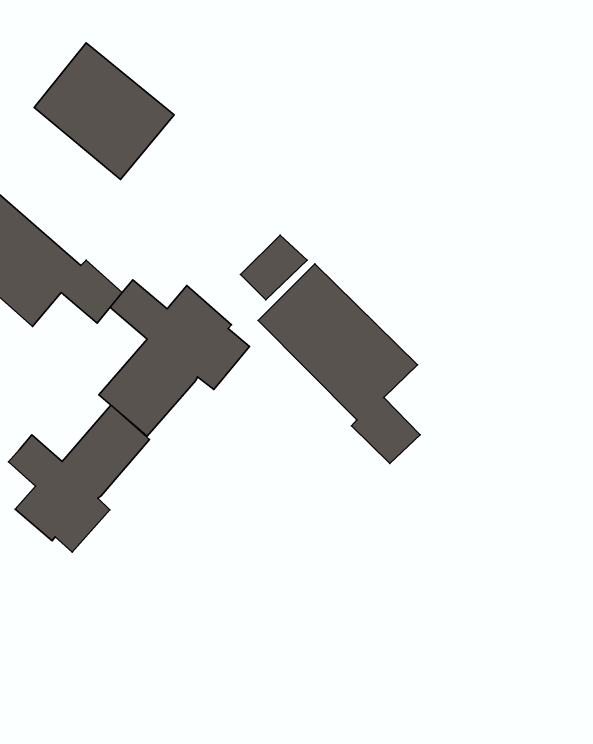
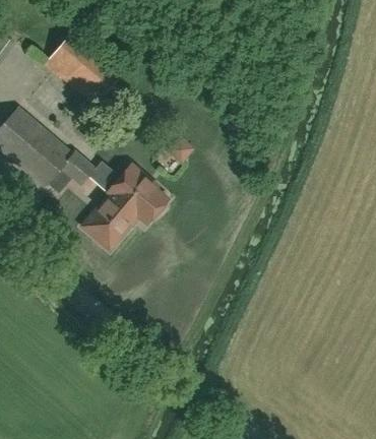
building: [258,264,420,463] -> none
building: [8,405,150,552] -> none

